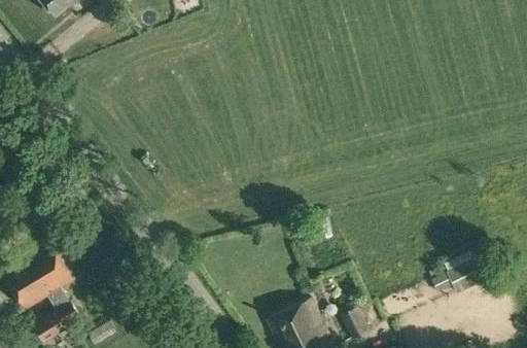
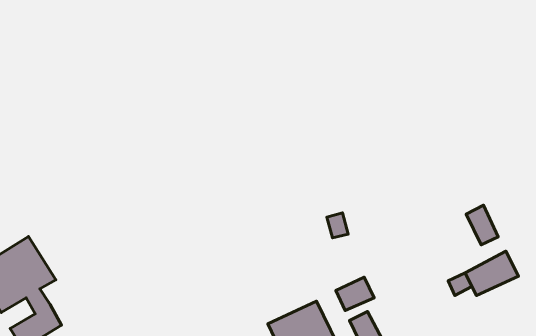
building: none -> [466,205,498,245]
building: none -> [336,277,374,311]

